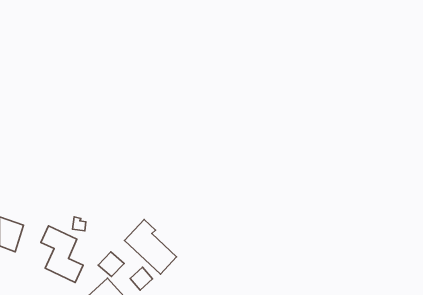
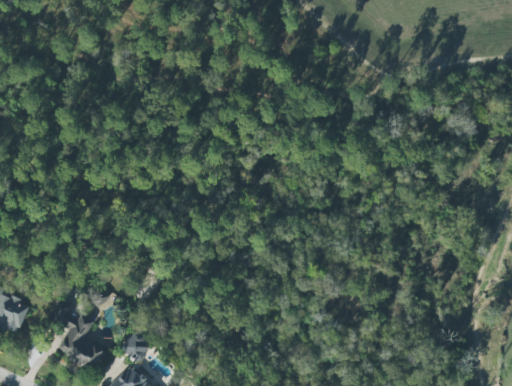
building: [125,220,176,274] -> none
building: [130,267,153,290] -> none

